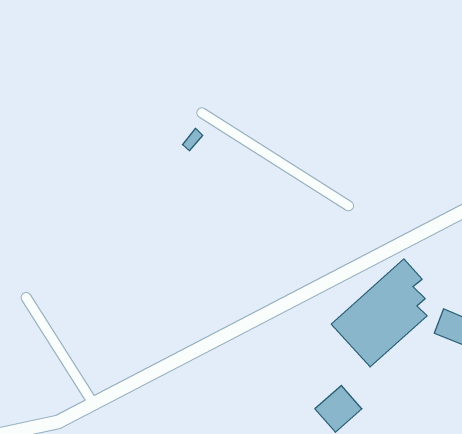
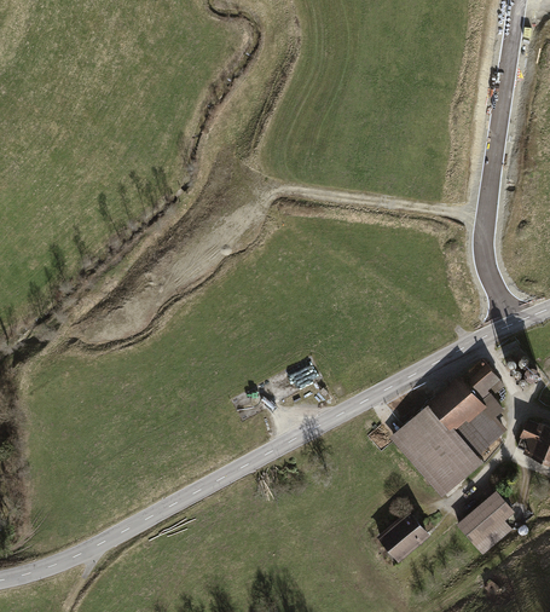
building: none -> [456,491,514,558]

